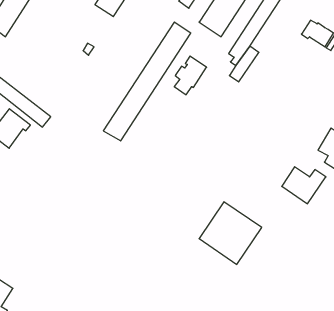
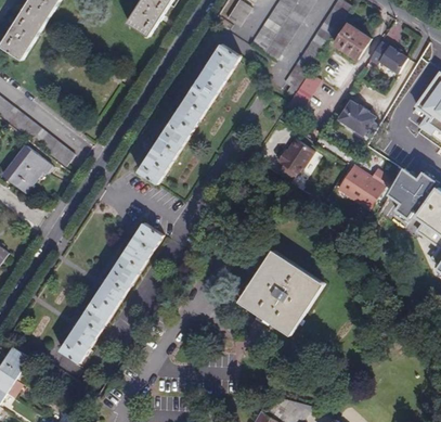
building: none -> [335,23,371,57]
building: [174,56,207,95] -> [275,139,313,184]
building: none -> [337,101,377,140]
building: [282,167,326,204] -> [338,166,390,209]
building: none -> [60,222,163,362]

